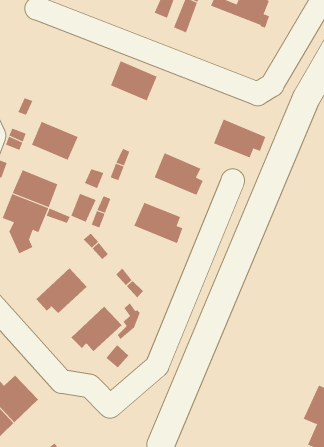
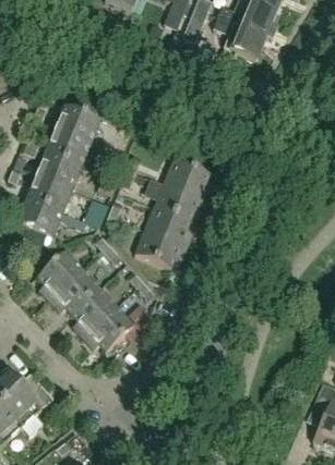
building: none -> [213,16,266,60]
building: [110,61,157,101] -> [55,103,100,143]
building: [213,119,266,158] -> [154,182,205,220]
building: none -> [36,150,81,188]
building: none -> [134,229,187,267]
building: none -> [36,249,82,299]
building: none -> [71,287,116,336]

